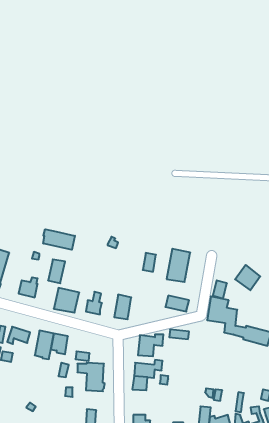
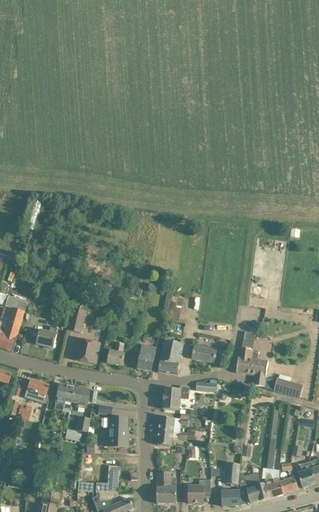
building: [43,229,75,250] -> none
building: [167,249,190,282] -> [158,339,183,374]
building: [235,265,260,290] -> none

